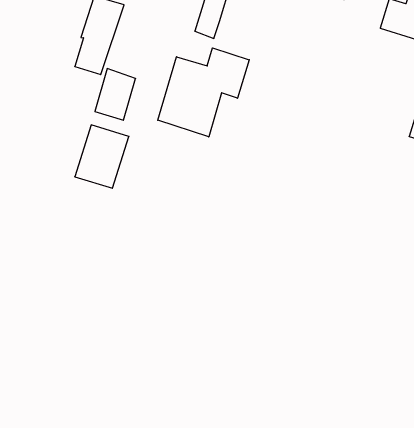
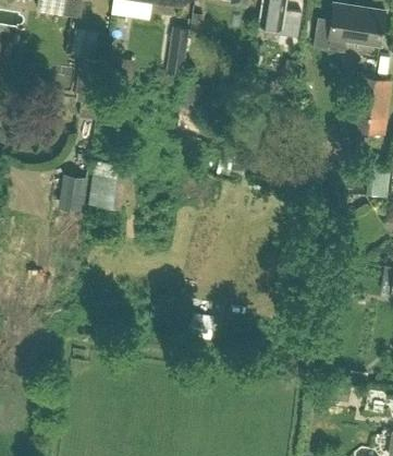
building: [158,48,249,137] -> none
building: [95,69,136,120] -> [59,176,87,215]

